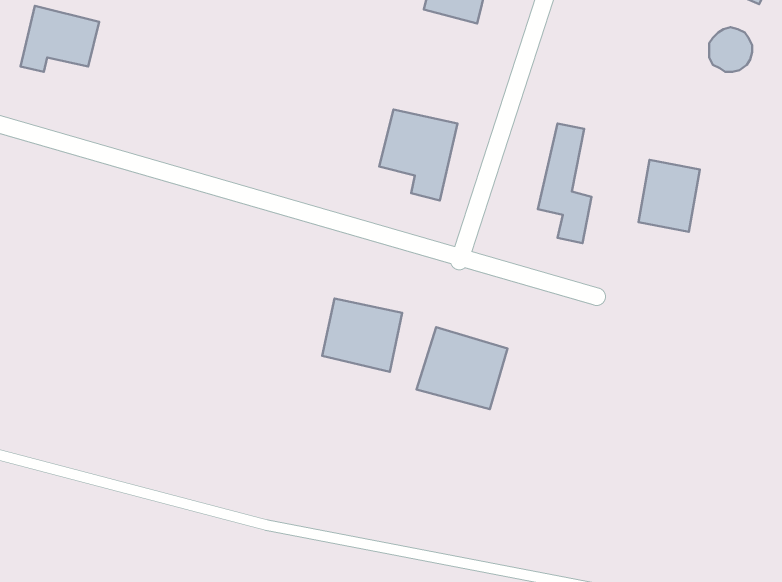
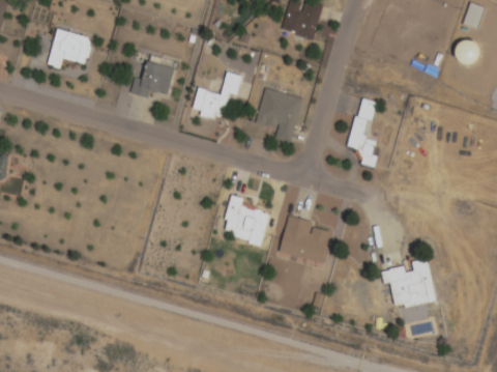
building: none -> [130,60,174,97]
building: none -> [192,73,242,117]
building: [639,160,700,232] -> none
building: none -> [386,258,436,308]

